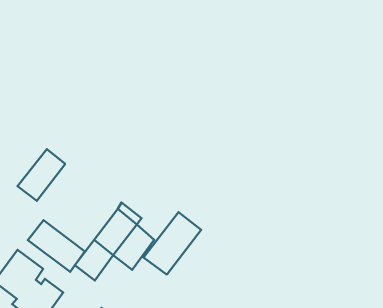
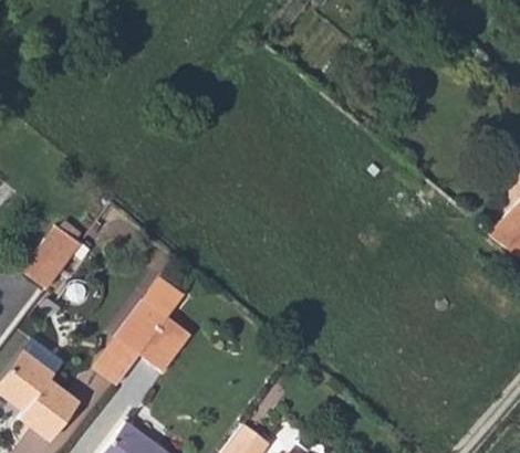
building: [144,212,201,274] -> none
building: [28,220,85,272] -> none

